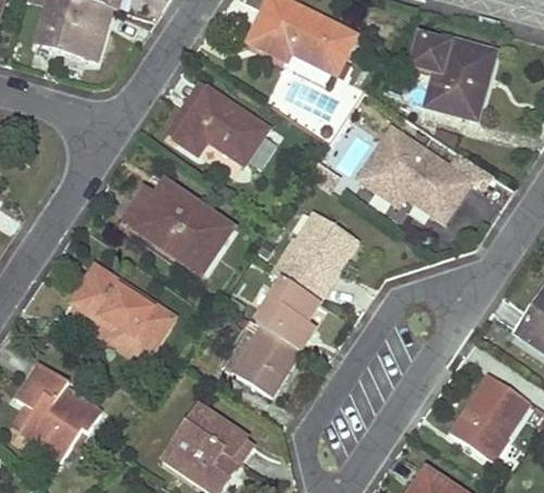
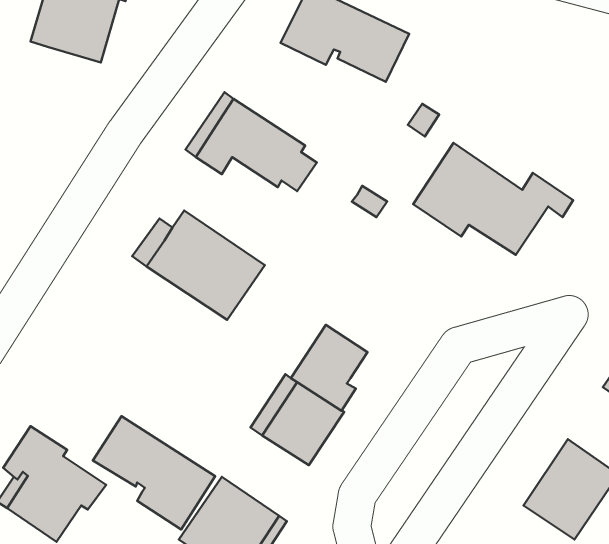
building: [410,35,495,116] -> none
building: [274,212,358,301] -> none
building: [72,266,174,361] -> [93,416,215,529]

